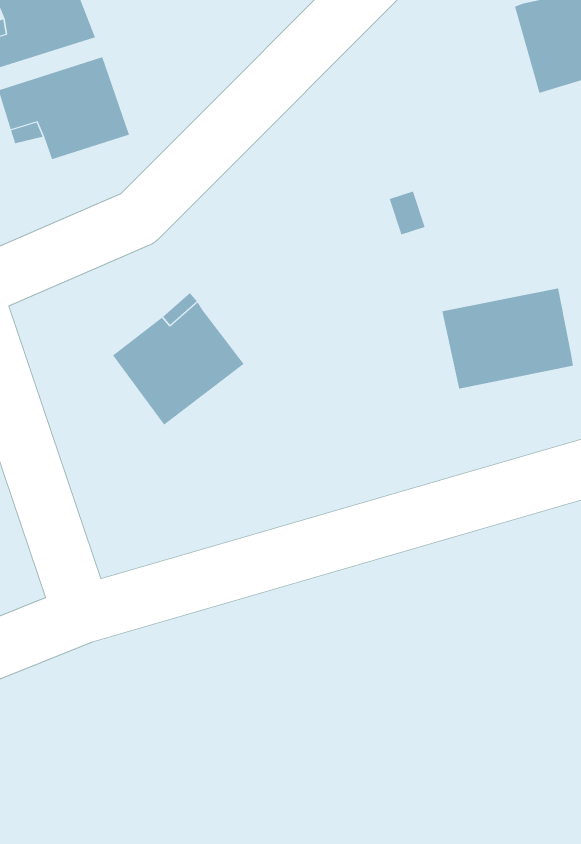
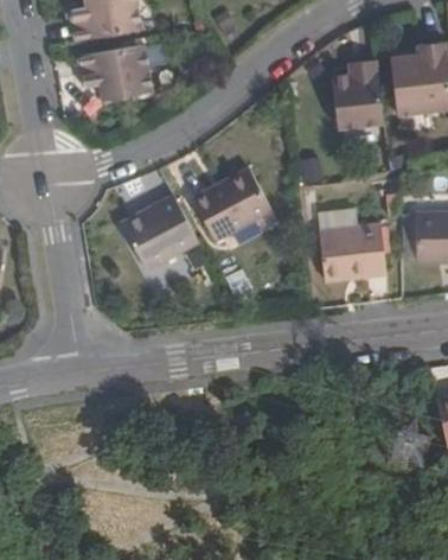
building: none -> [333,57,384,127]
building: none -> [192,170,271,243]

